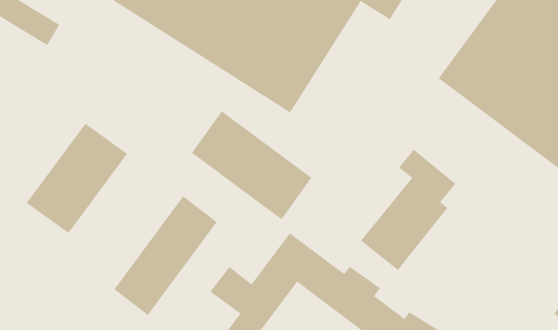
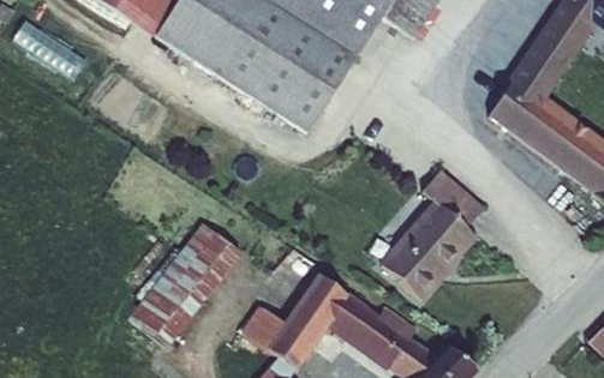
building: [191,111,312,220] -> none
building: [26,123,128,234] -> none

